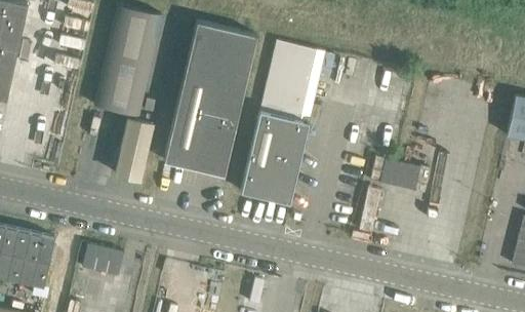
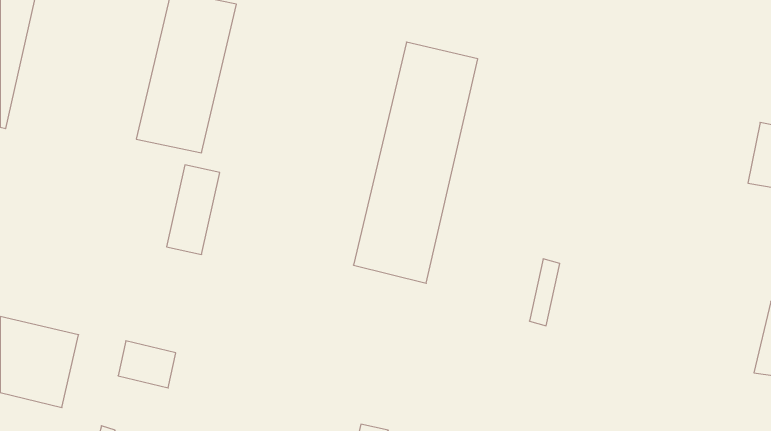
building: [163,23,256,177] -> none
building: [381,160,421,185] -> none

